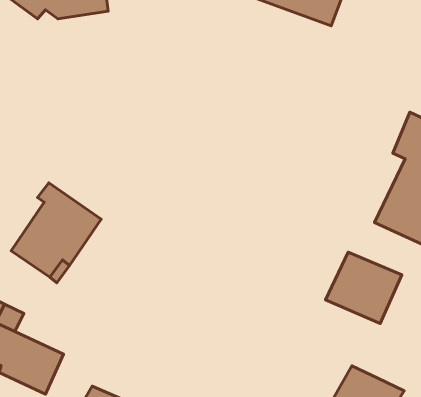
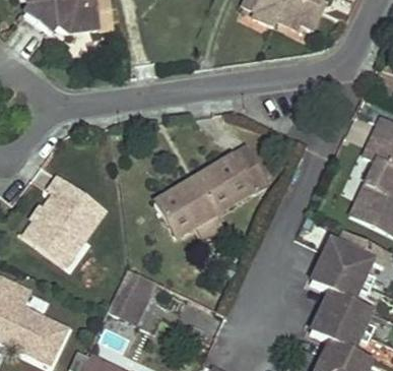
building: none -> [155,146,269,237]
building: none -> [112,273,158,327]
building: none -> [307,293,374,352]

